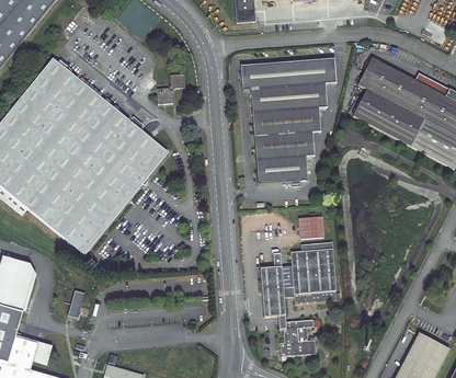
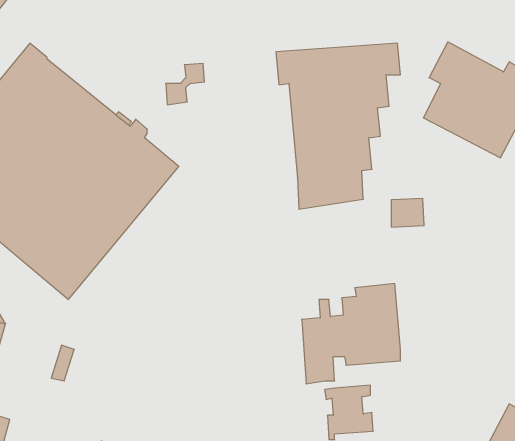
building: [299,216,324,238] -> [391,198,424,227]

